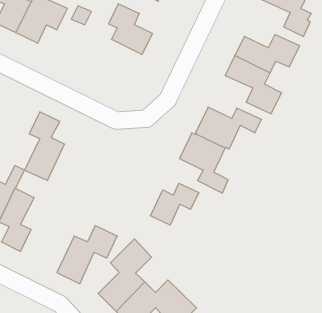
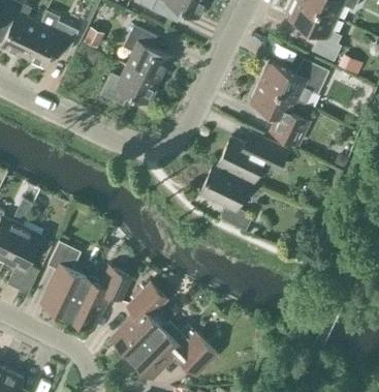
building: none -> [100,64,159,105]
building: [24,112,65,181] -> [42,242,86,316]
building: [150,183,199,225] -> none

